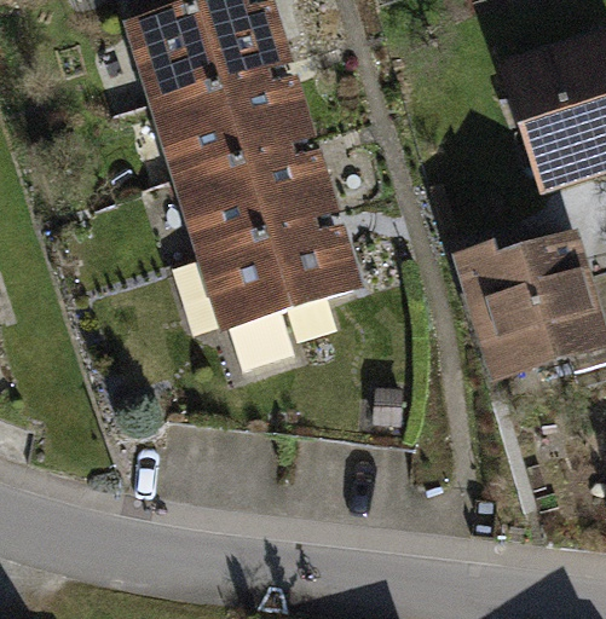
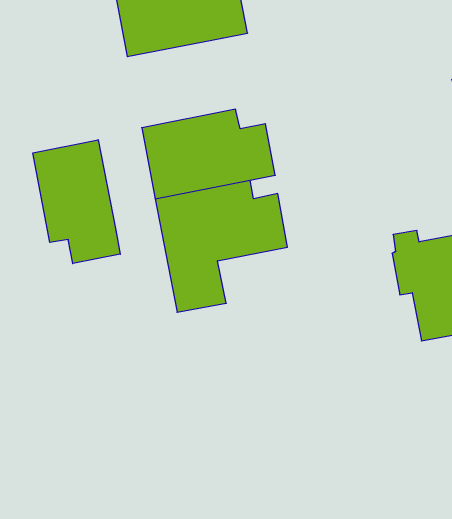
building: [157,69,307,175] -> none
building: none -> [33,140,120,264]

